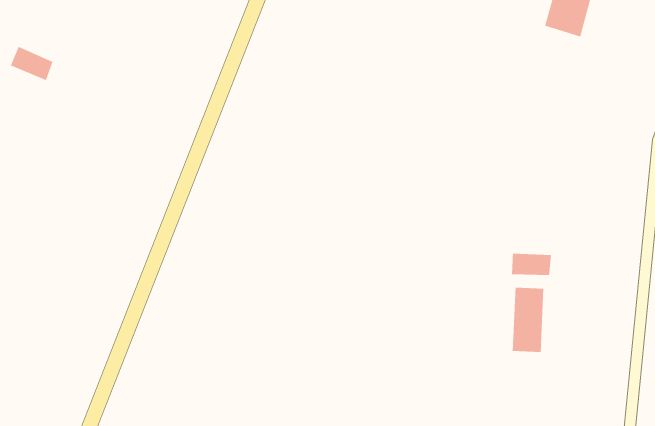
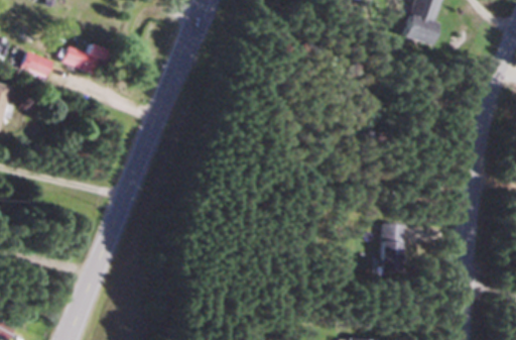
building: none -> [60,43,103,75]
building: [511,253,552,276] -> none

